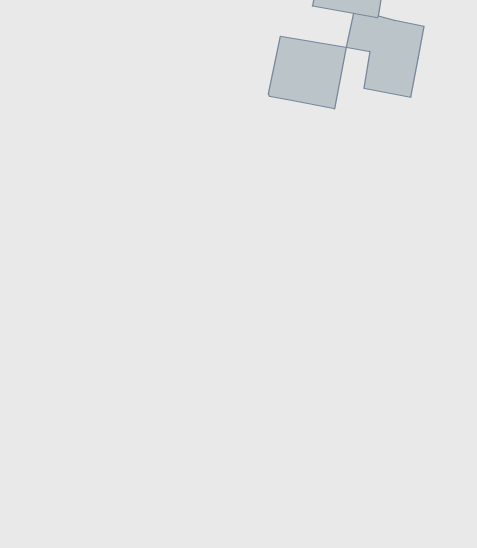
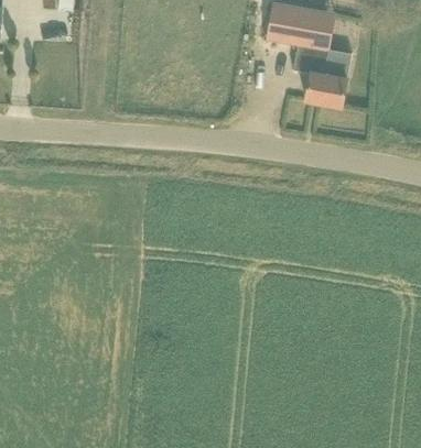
building: [269,36,346,109] -> none

